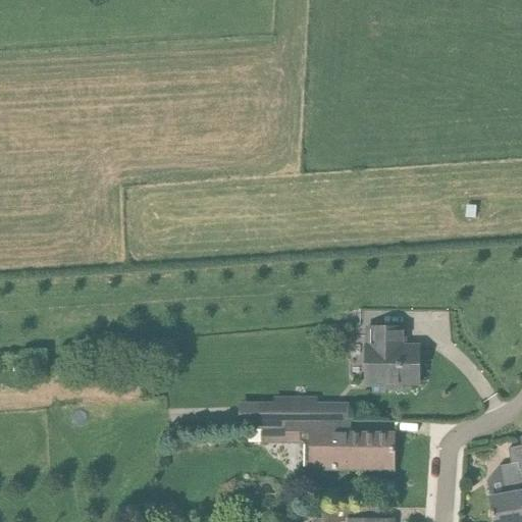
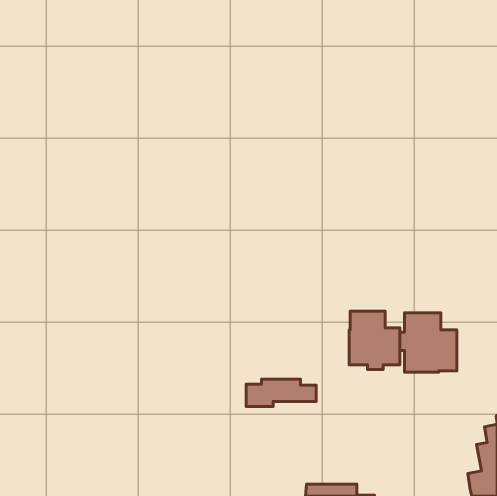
building: none -> [400,313,457,372]
building: [286,421,394,469] -> none

